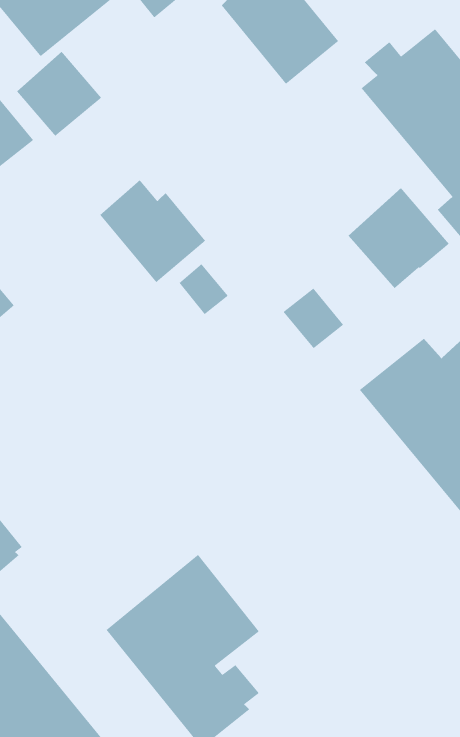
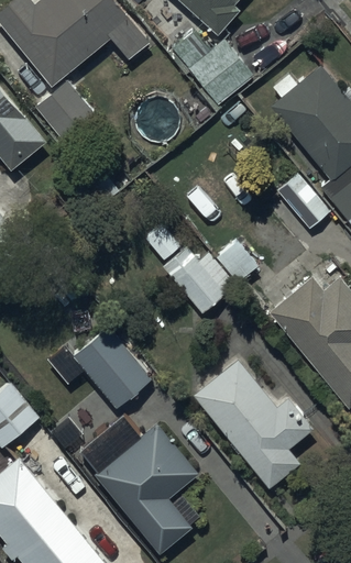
building: [99,179,206,283] -> [162,243,234,313]
building: none -> [74,327,153,409]
building: none -> [193,360,311,487]

